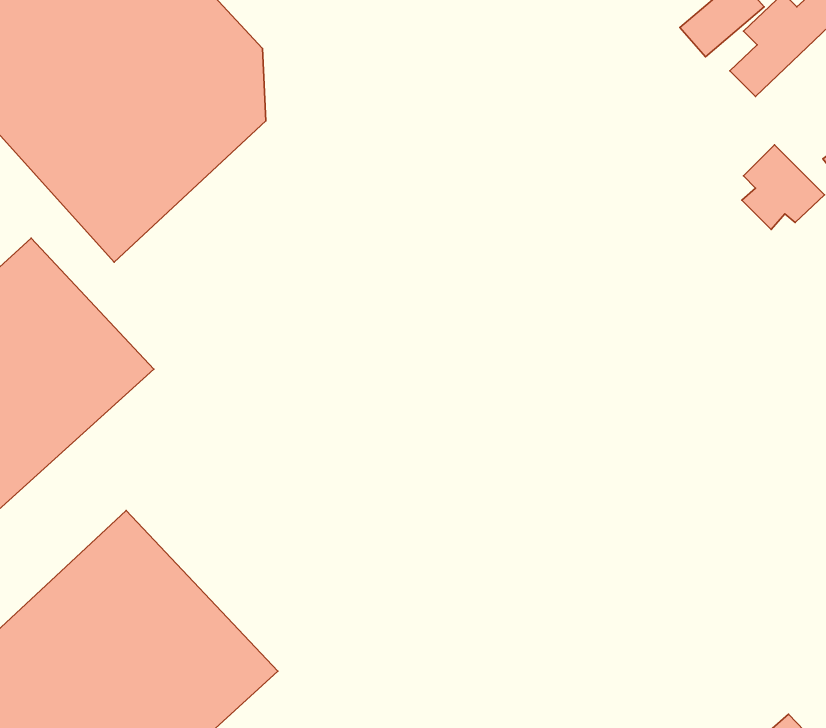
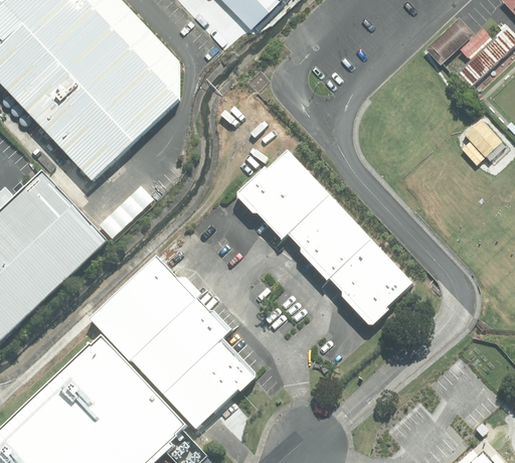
building: none -> [238,151,417,328]
building: none -> [92,259,254,431]

